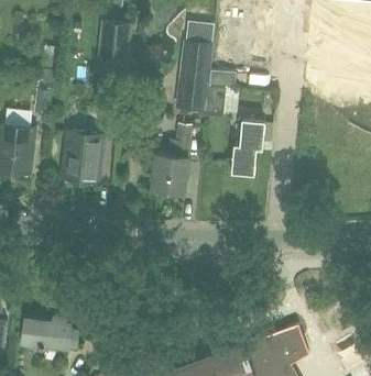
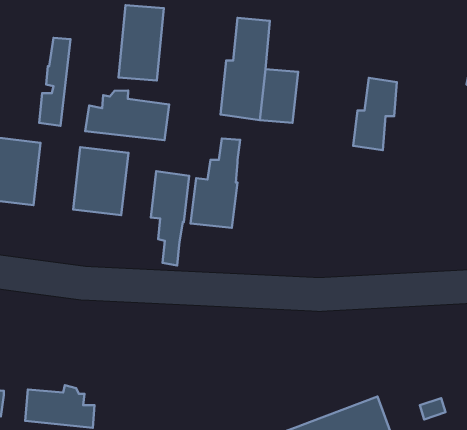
building: none -> [85,91,169,140]
building: [230,119,264,175] -> [353,78,397,150]
building: none -> [151,171,189,265]

